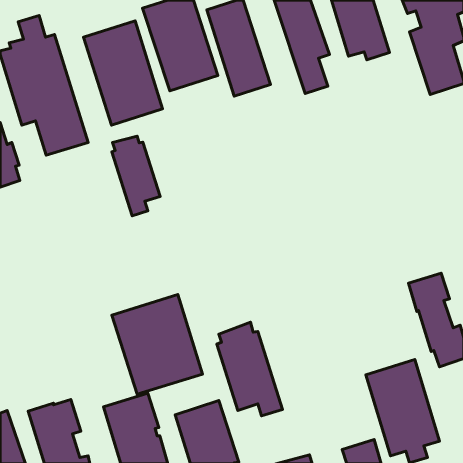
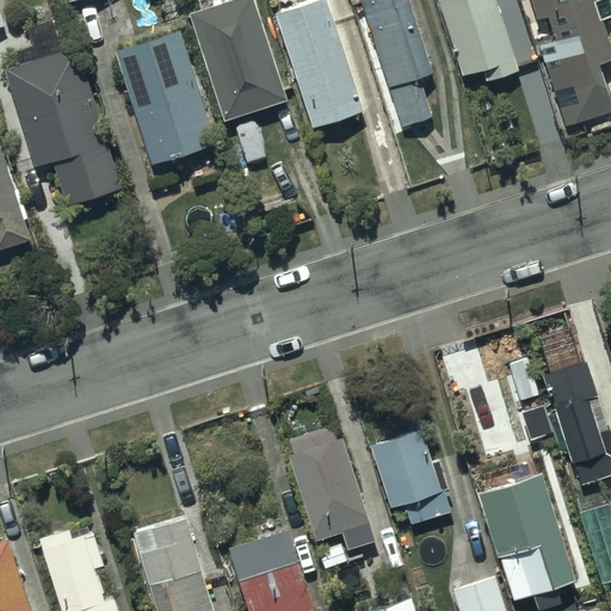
building: [112,136,160,216] -> none
building: [112,294,202,394] -> none
building: none -> [366,430,450,524]

